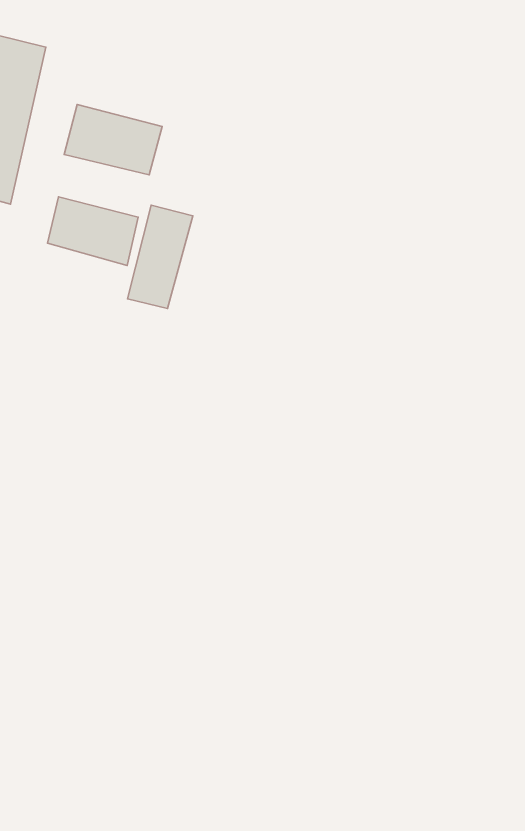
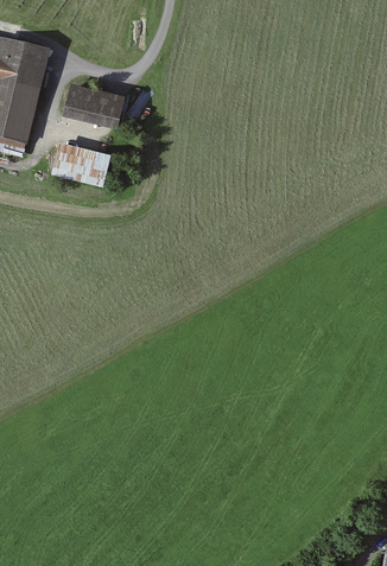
building: [127,205,193,308] -> none

